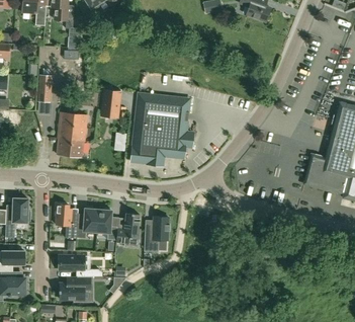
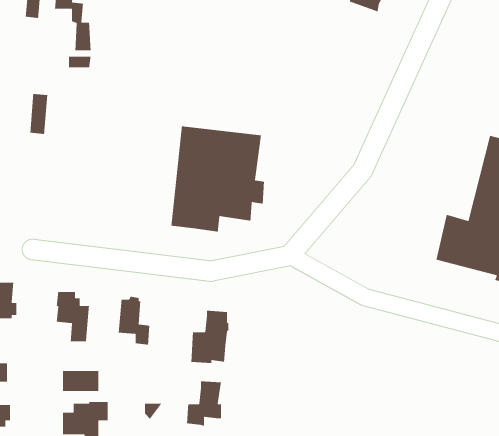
building: [101,90,121,118] -> none
building: [57,112,87,157] -> none
building: [76,207,98,238] -> none
building: [116,214,140,244] -> [186,380,222,427]

